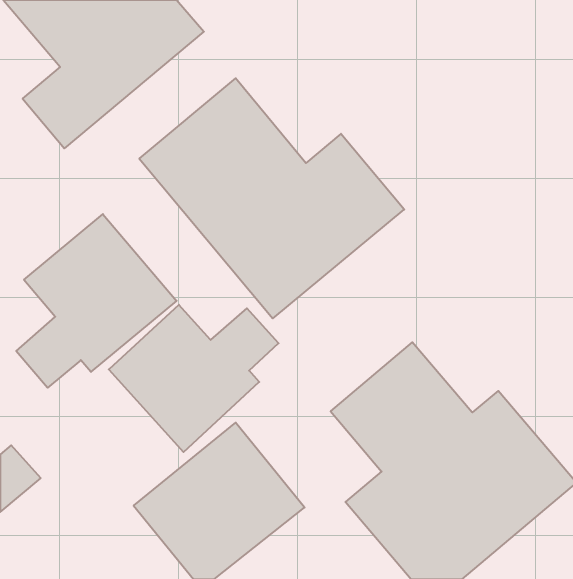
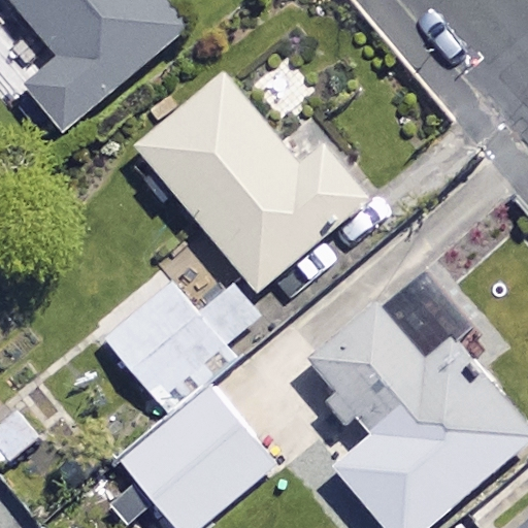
building: [16,214,177,388] -> none

